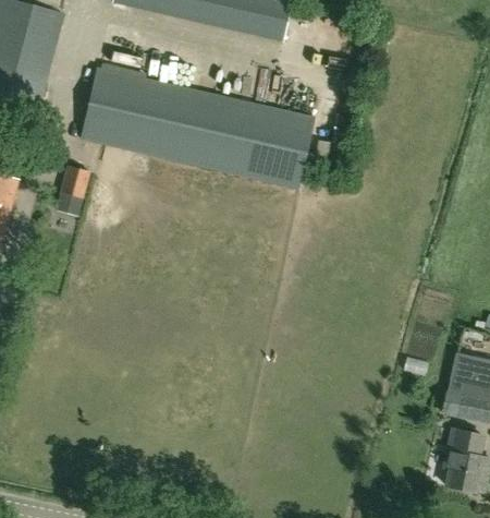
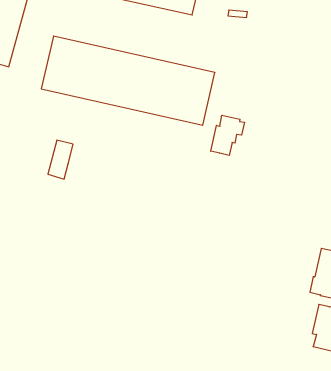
building: [54,165,88,217] -> [48,140,73,179]
building: none -> [211,115,244,155]

